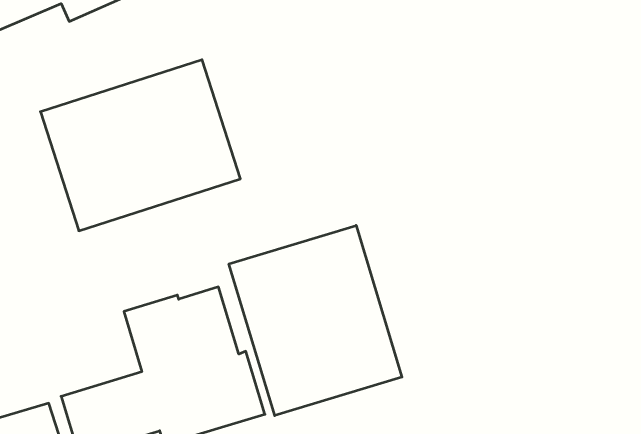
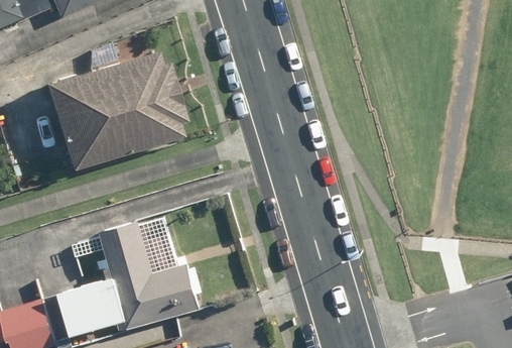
building: [229,225,402,416] -> none

